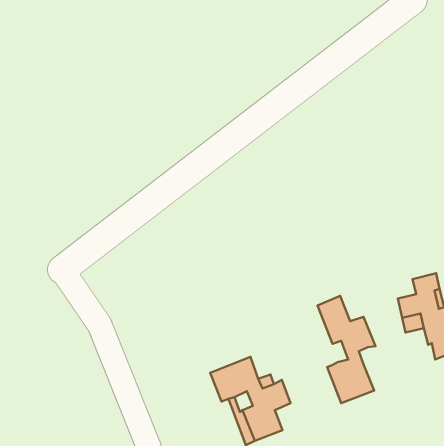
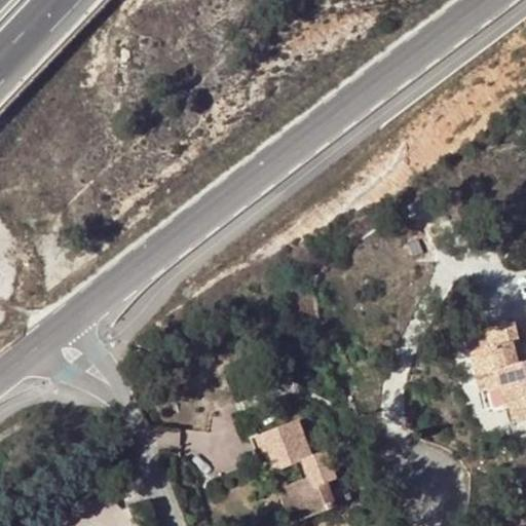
building: [318,296,375,403] -> none

